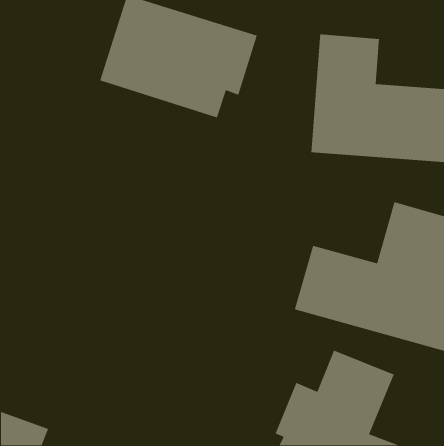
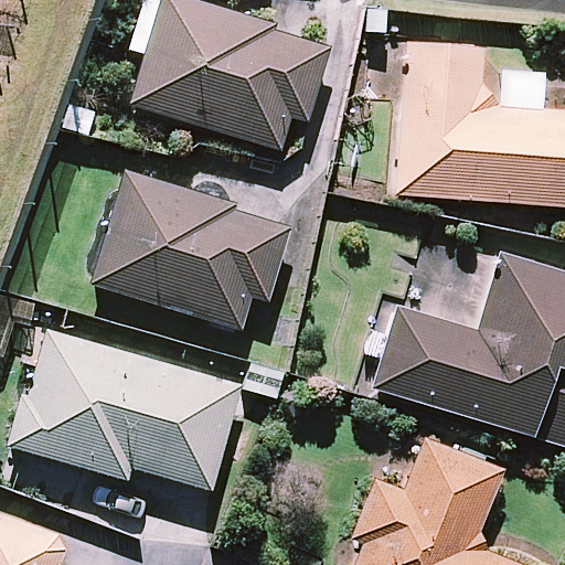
building: none -> [92,171,289,329]
building: none -> [13,330,241,489]

